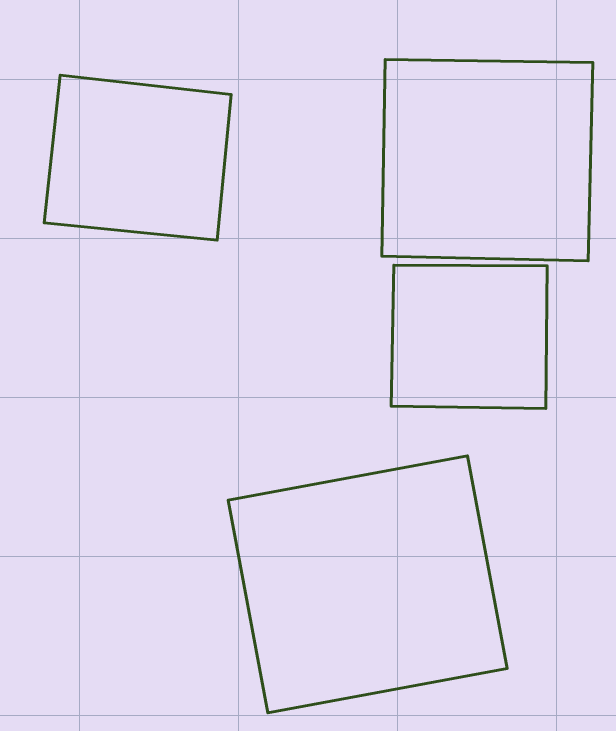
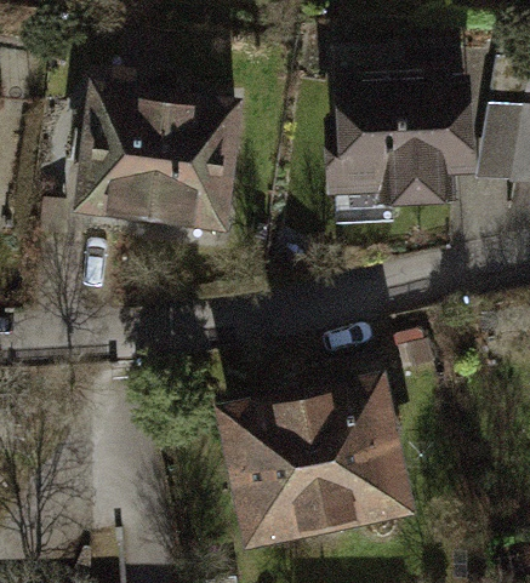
building: [391,265,547,409] -> none

